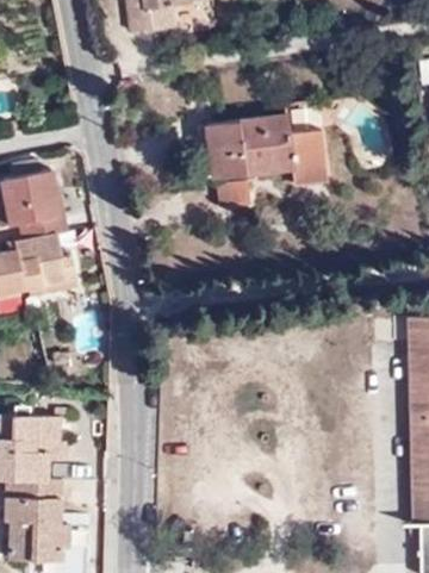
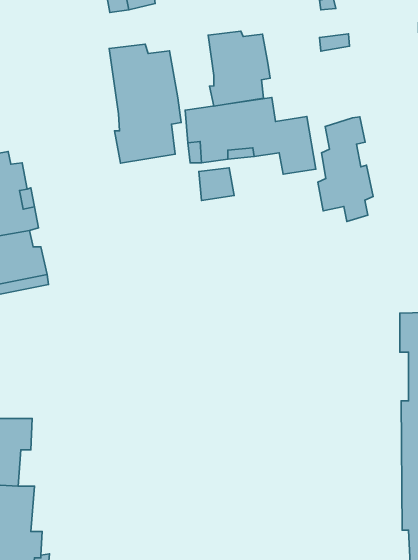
building: none -> [208,31,270,106]
building: none -> [109,44,181,163]
building: none -> [318,117,373,222]

